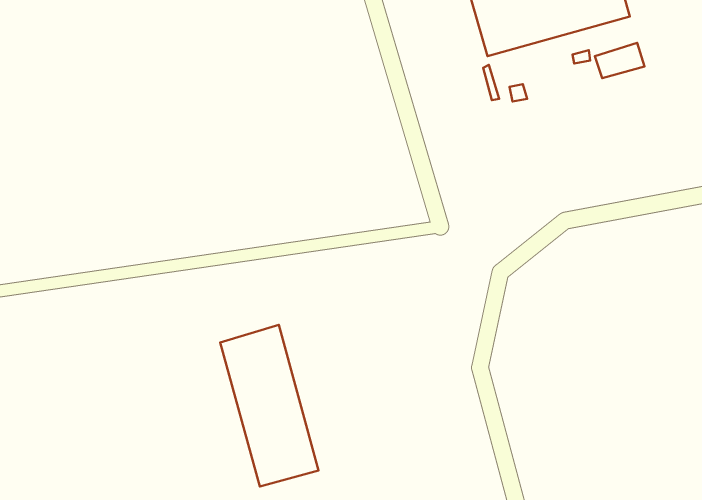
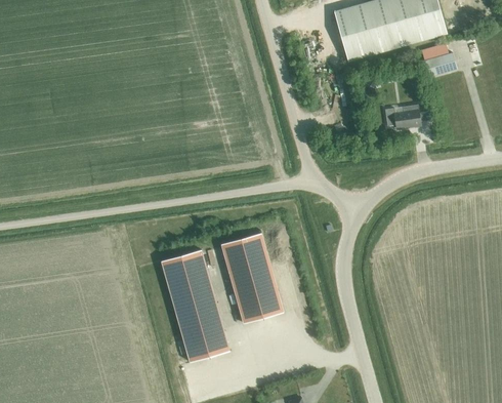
building: none -> [384,105,431,129]
building: none -> [220,233,283,323]

